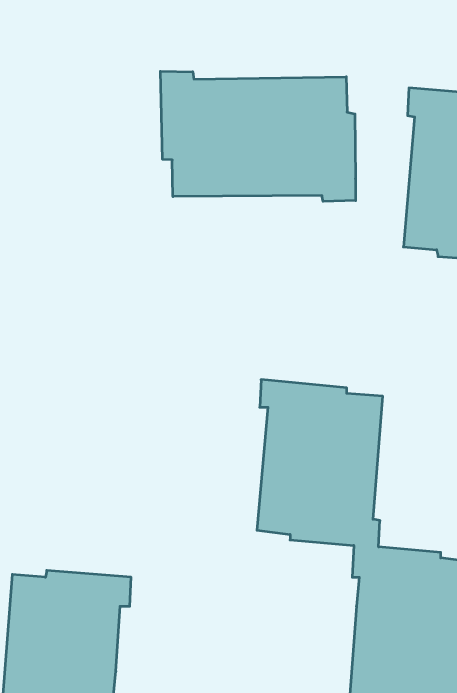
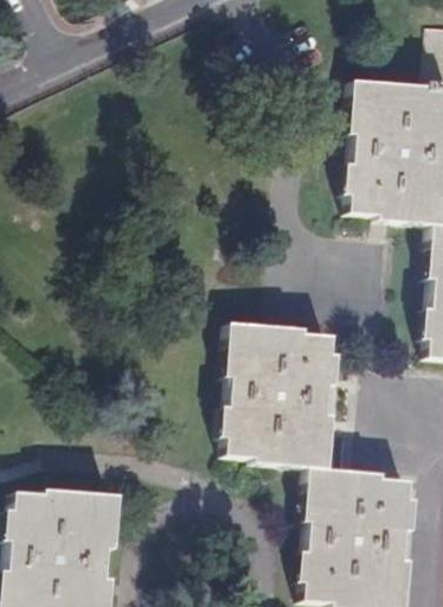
building: [160,71,356,201] -> none

